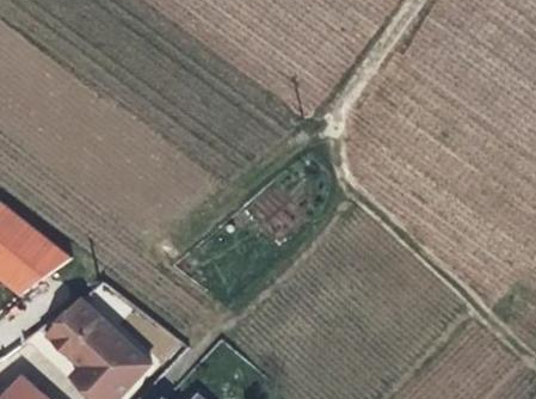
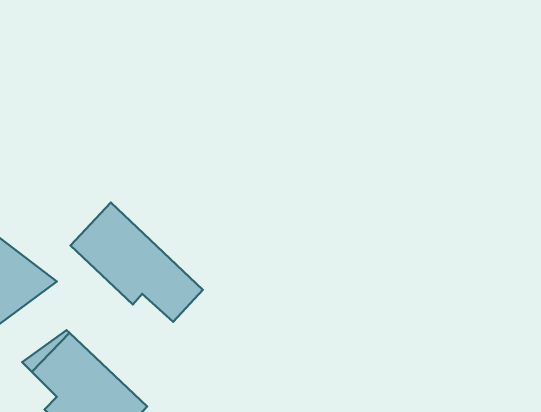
building: none -> [70,203,203,322]

